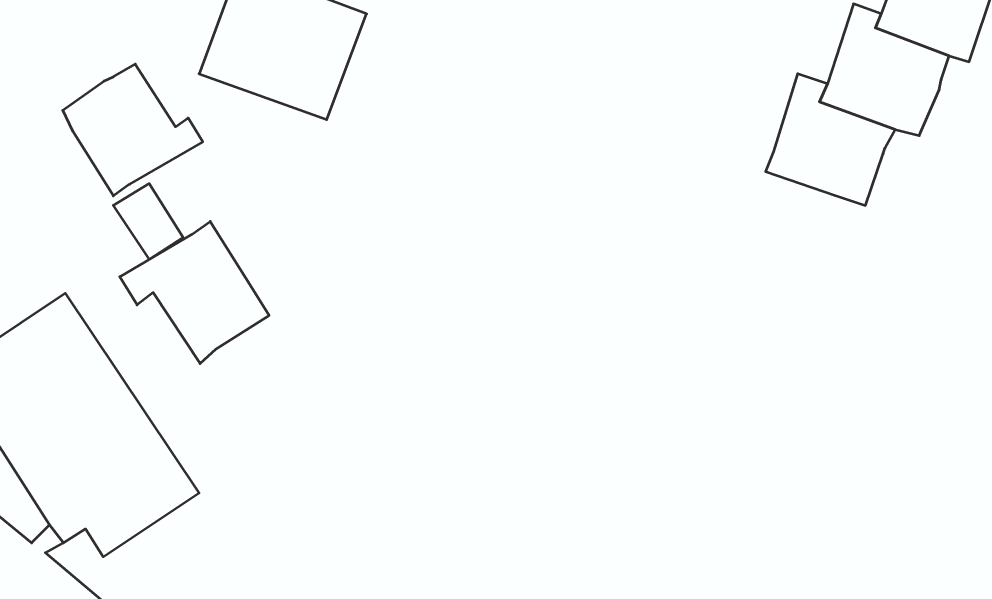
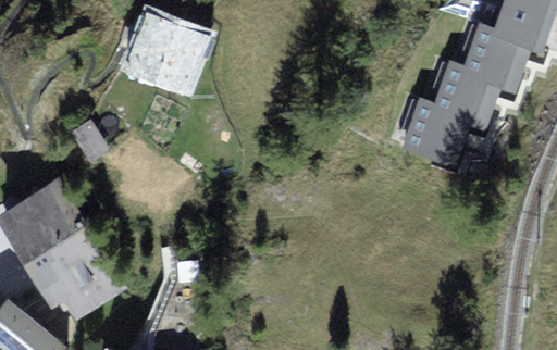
building: [63,64,203,196] -> none
building: none -> [400,97,468,167]
building: [120,221,269,364] -> none

